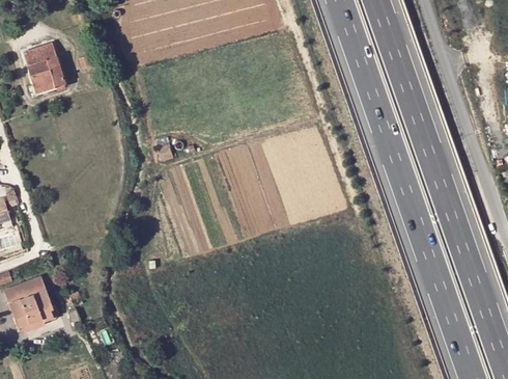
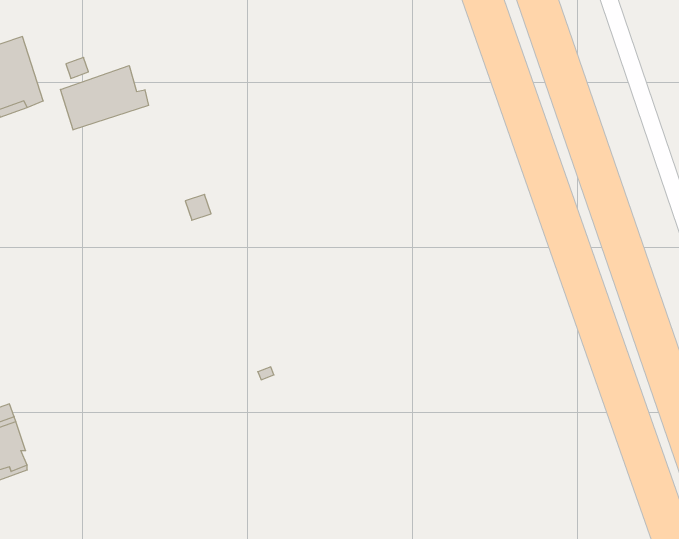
building: none -> [60,66,149,130]

